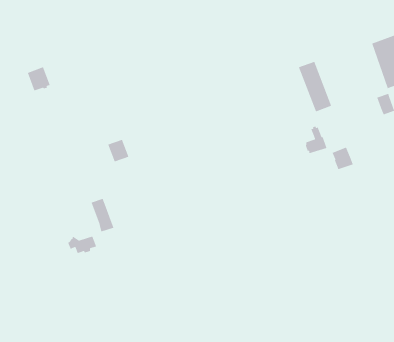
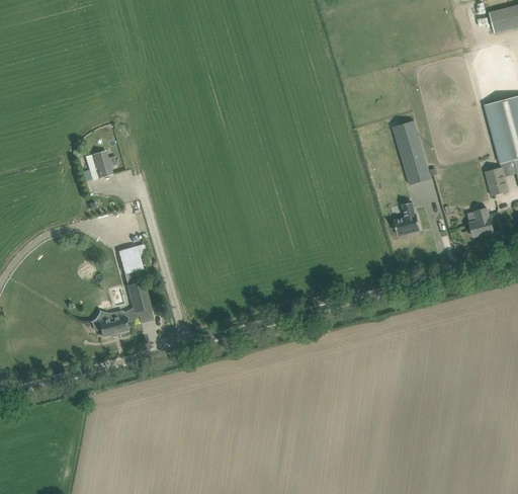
building: [27,66,51,92] -> [85,151,113,181]
building: [107,139,130,162] -> [118,245,145,273]
building: [331,146,354,170] -> [467,209,494,237]

